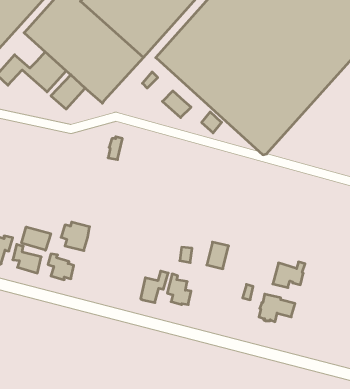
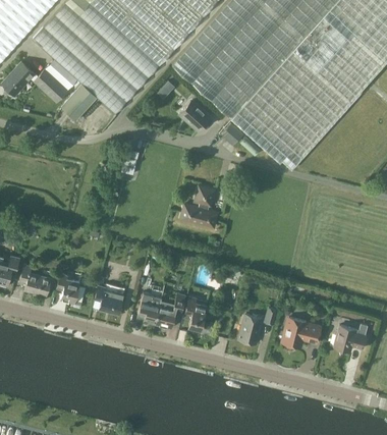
building: none -> [181,185,217,227]
building: [61,222,90,251] -> [95,282,125,313]
building: [22,227,51,250] -> none
building: [207,242,229,269] -> [238,314,262,342]
building: [273,262,305,288] -> [333,323,368,350]
building: none -> [137,290,162,322]

